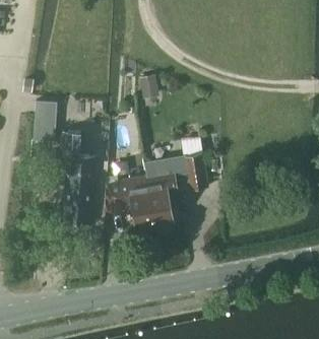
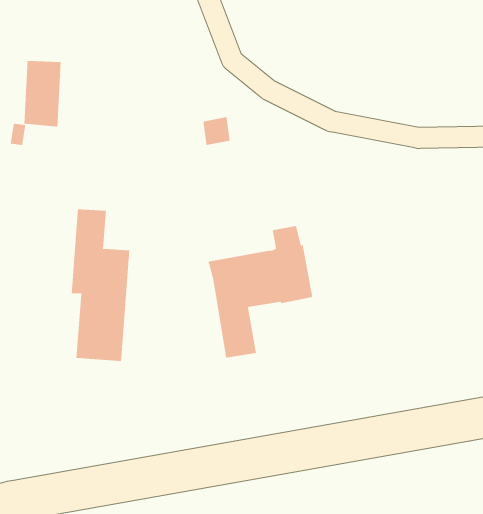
building: [34,103,57,144] -> [24,60,62,128]
building: [105,177,154,229] -> none

